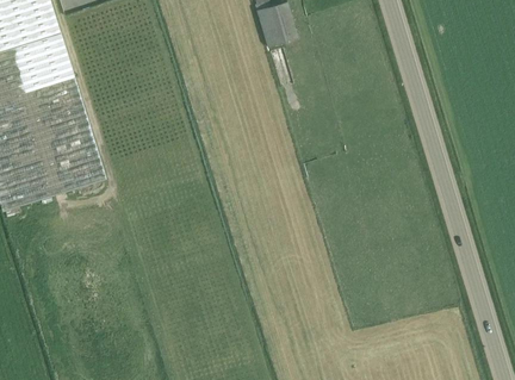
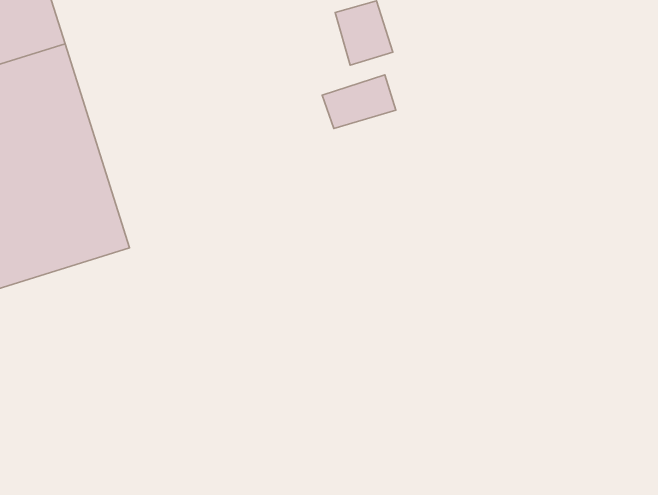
building: none -> [322,75,396,129]

